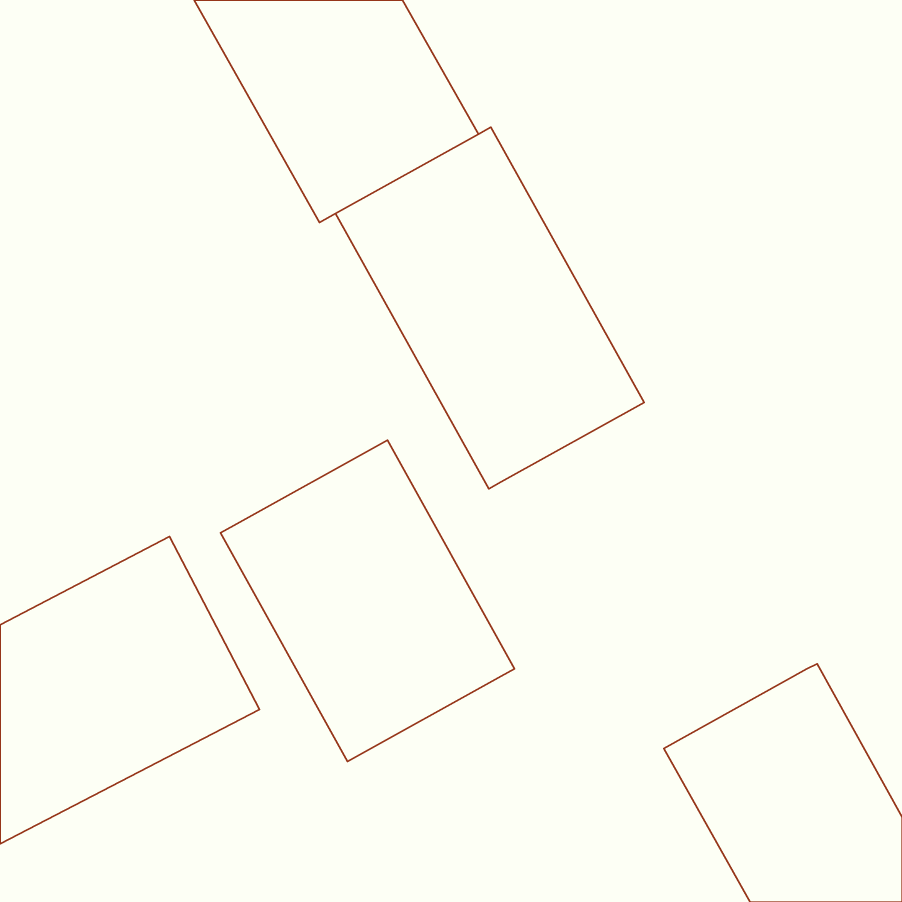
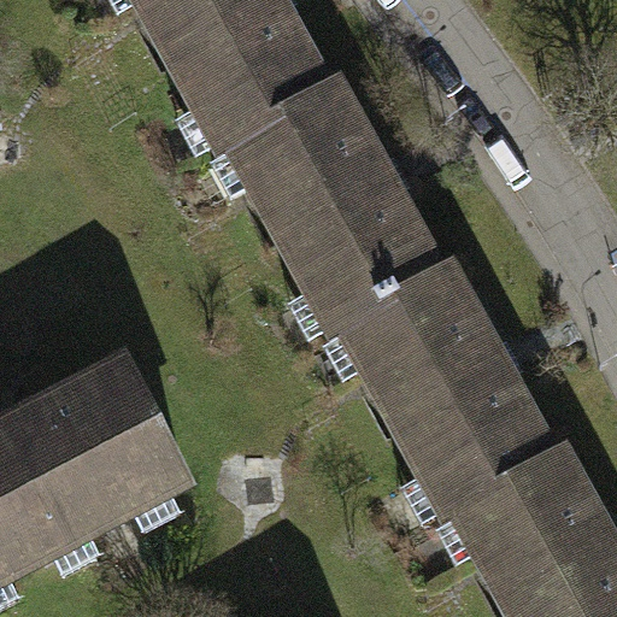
building: none -> [342,271,551,516]
building: [221,440,515,762] -> none

